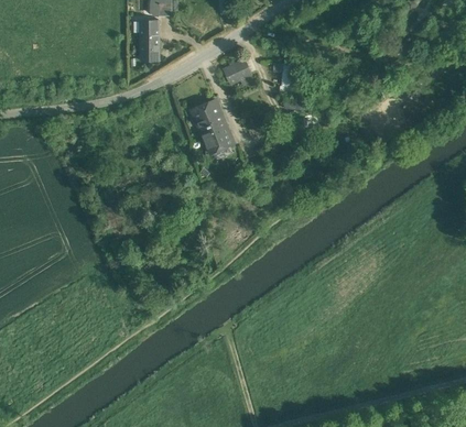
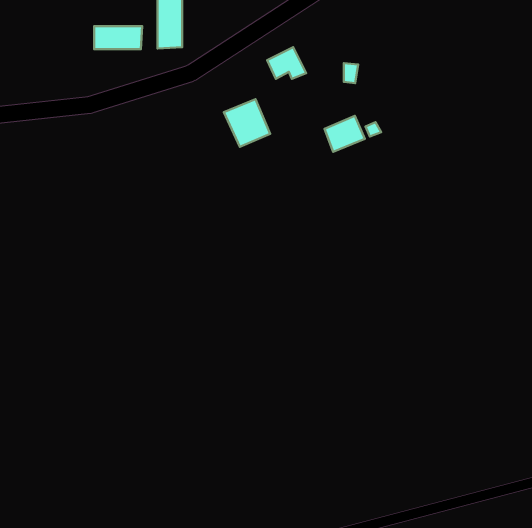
building: none -> [94,26,142,49]
building: [203,125,234,153] -> [324,116,365,152]

